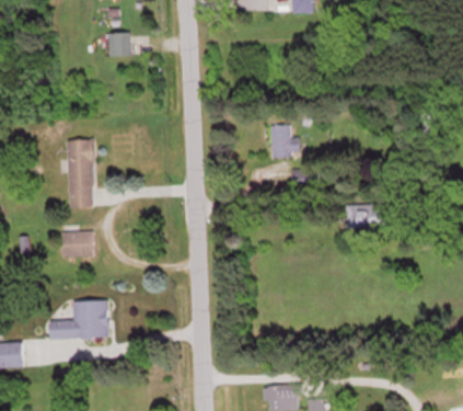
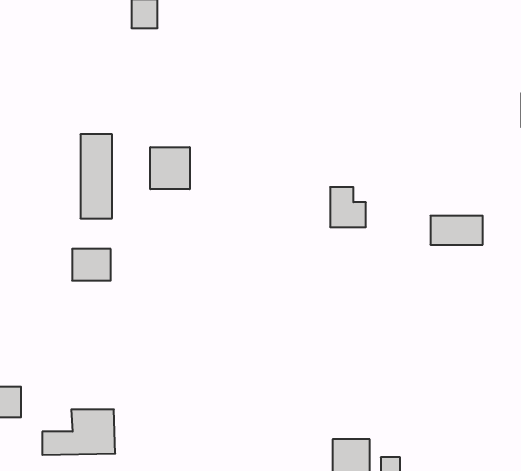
building: [271,126,300,158] -> [330,187,366,227]
building: none -> [150,147,190,189]
building: [49,302,107,339] -> [42,409,115,455]

